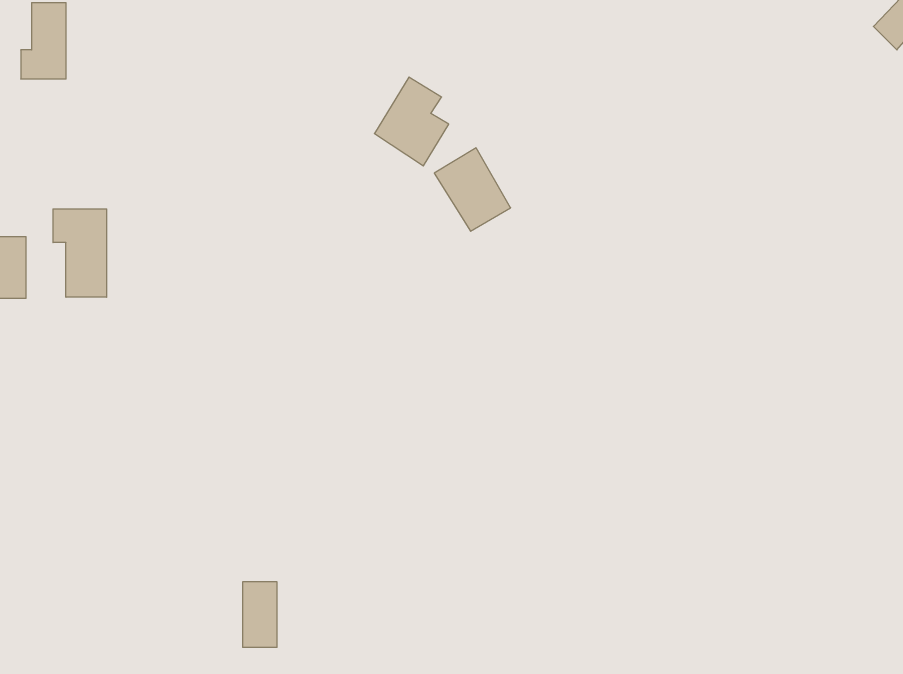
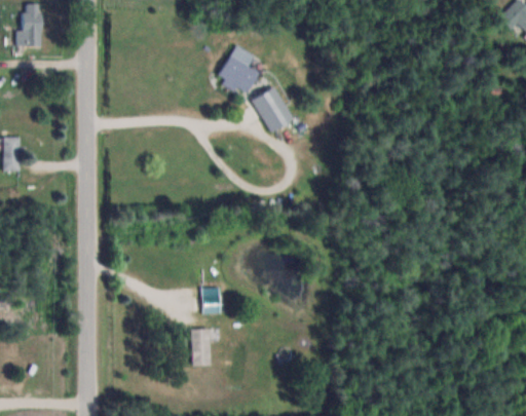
building: [53,209,107,297] -> none
building: none -> [202,288,220,314]
building: [243,582,277,647] -> [191,329,211,366]

